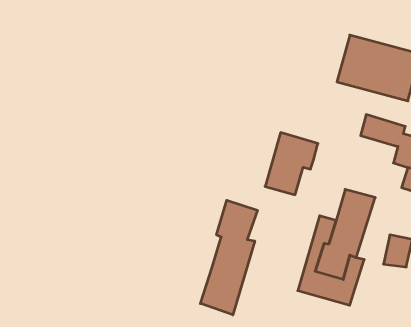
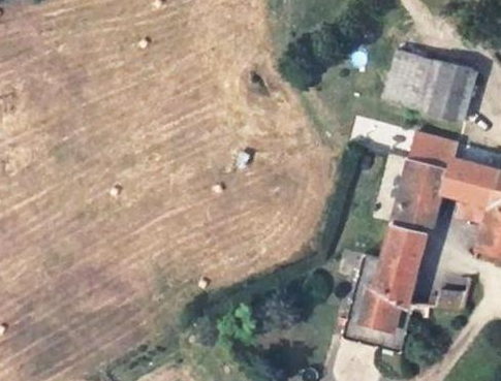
building: [265,133,318,195] -> [395,160,455,230]
building: [200,200,257,315] -> none

